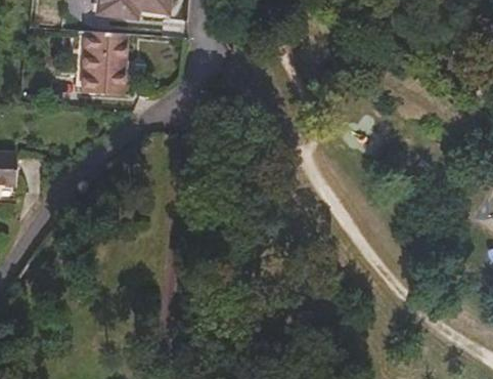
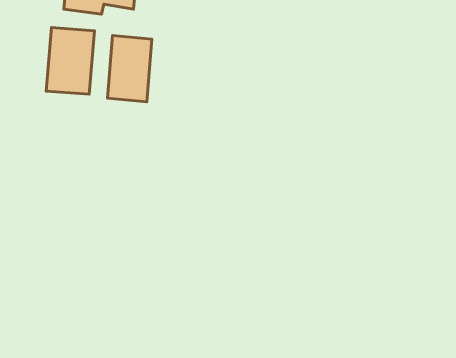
building: none -> [107,36,152,102]

